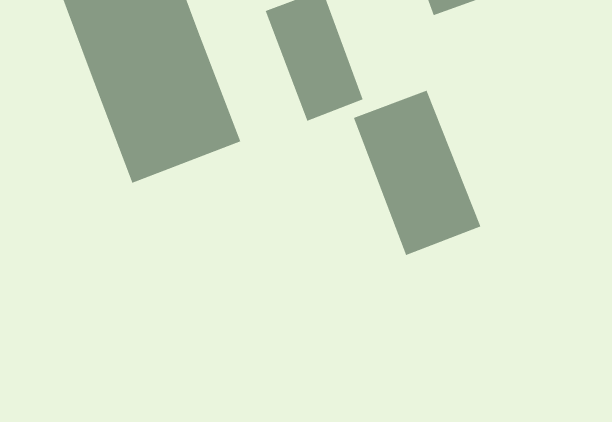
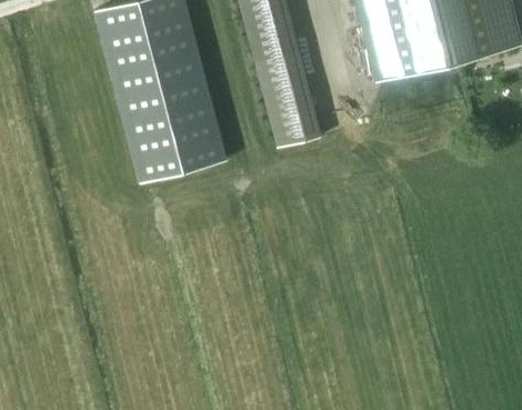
building: [353,90,481,256] -> none

